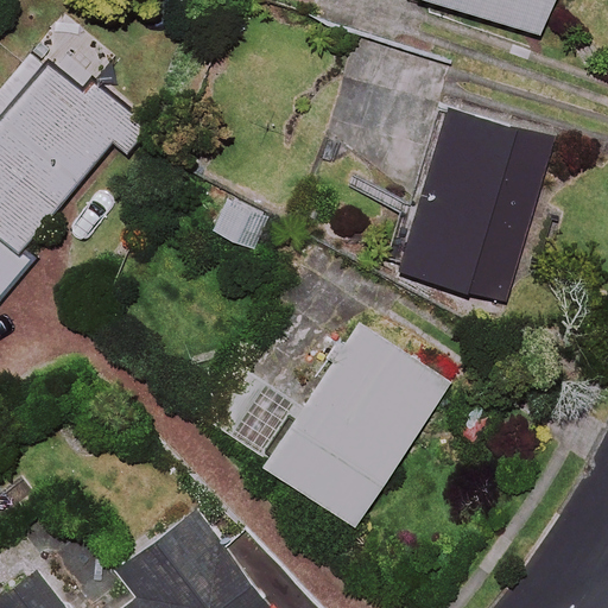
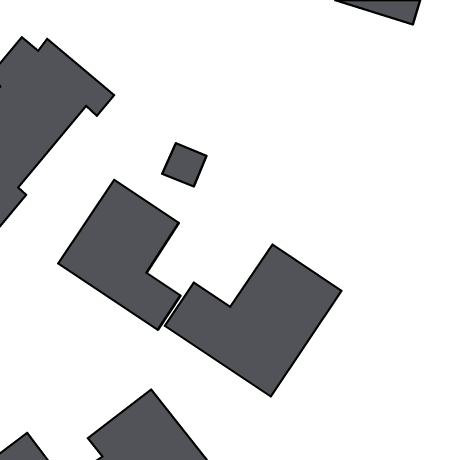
building: [398,108,551,302] -> none
building: none -> [58,180,181,330]

